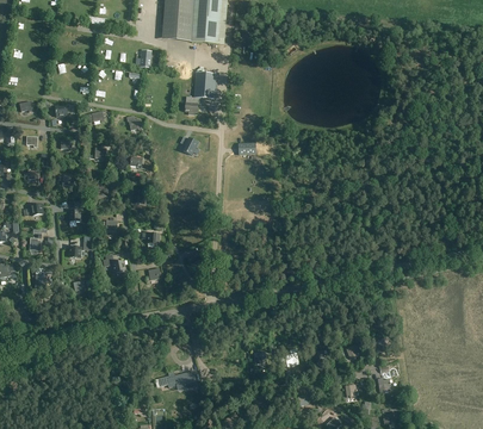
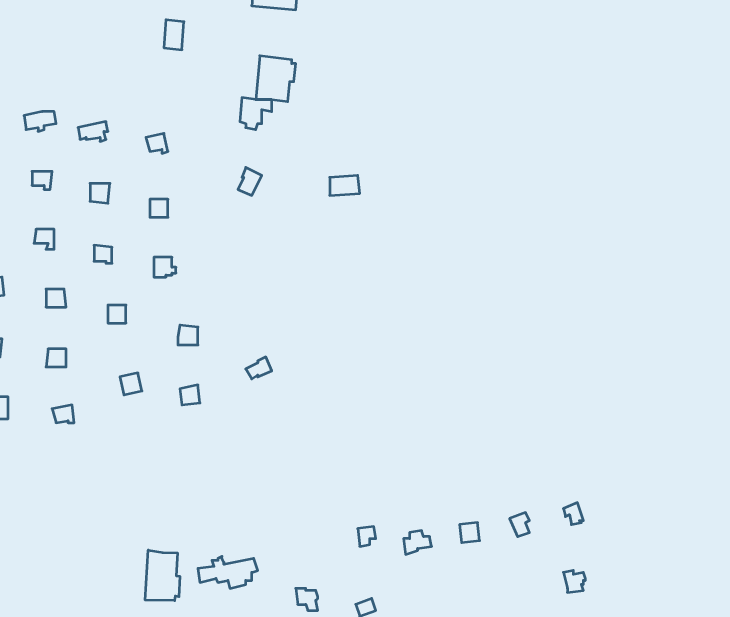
building: none -> [145,550,180,601]

